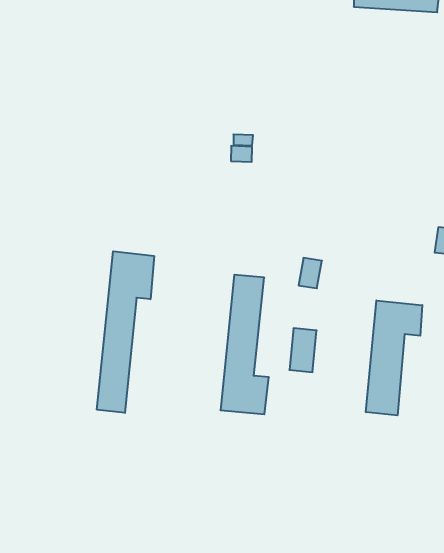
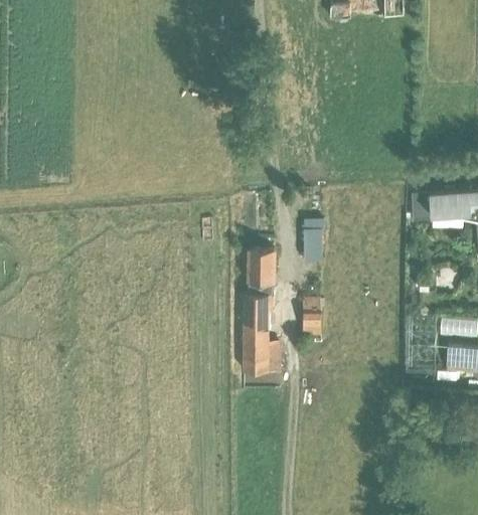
building: [97,251,154,413] -> none
building: [366,300,422,415] -> none

